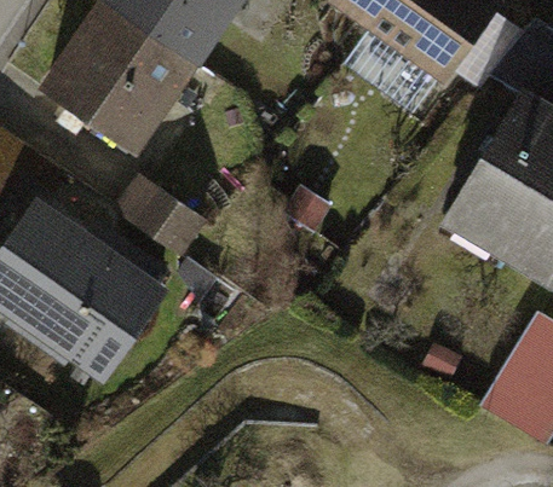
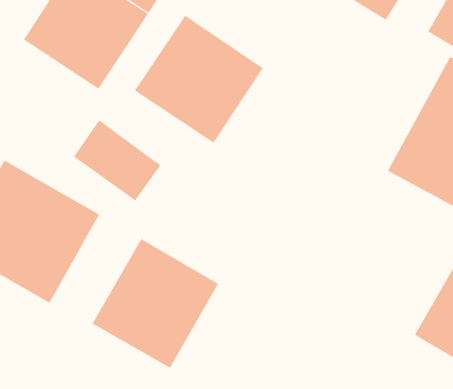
building: none -> [134,15,263,143]
building: none -> [92,238,219,369]

